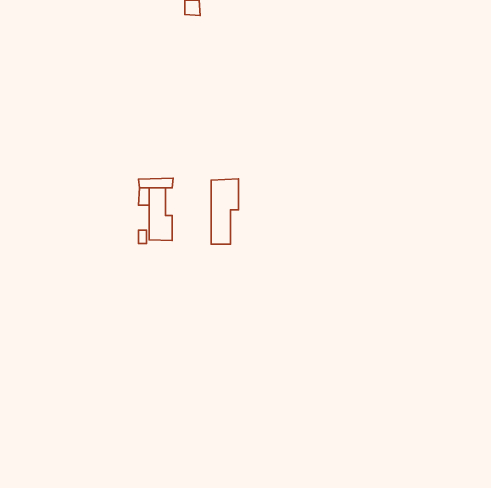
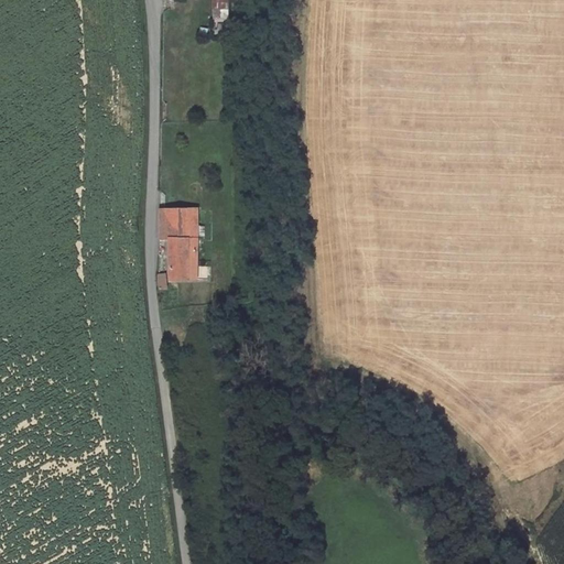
building: [211,179,238,244] -> none

